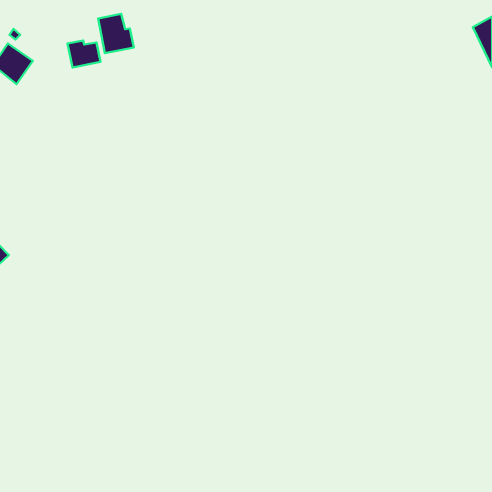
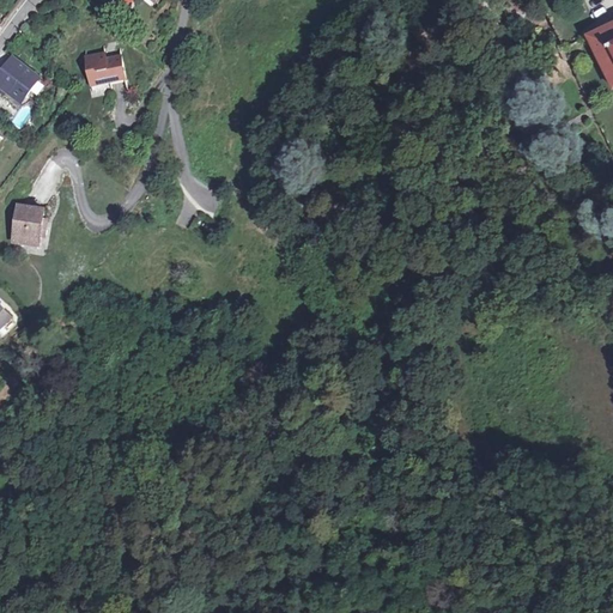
building: [98,14,134,53] -> none
building: none -> [12,205,43,243]

